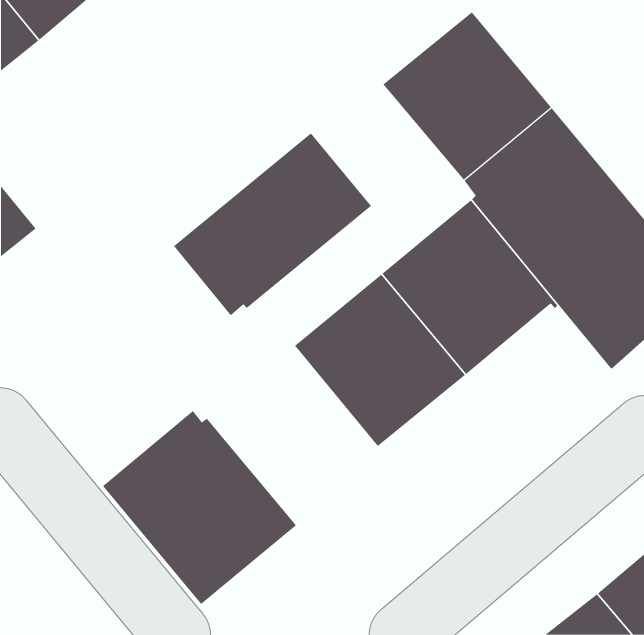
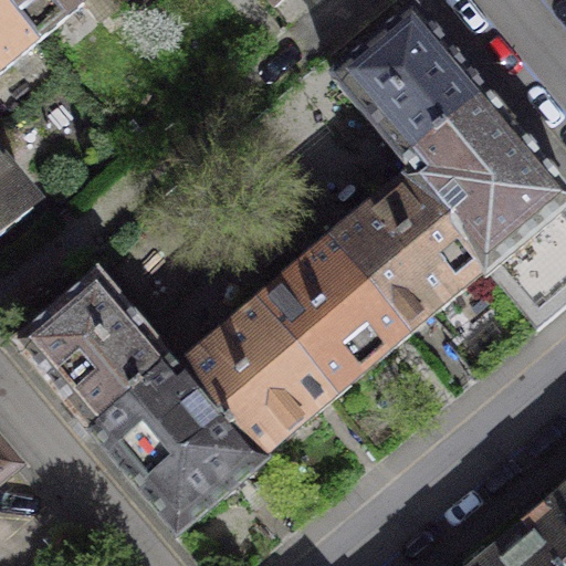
building: [173,132,372,316] -> none
building: none -> [21,274,170,426]
building: none -> [182,303,332,460]

